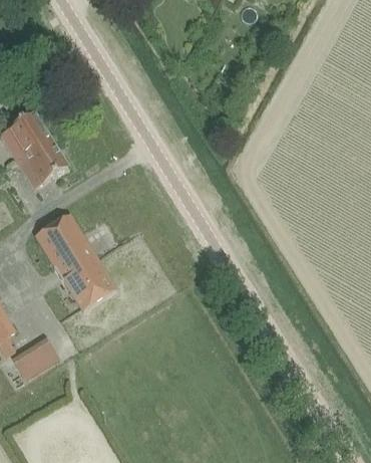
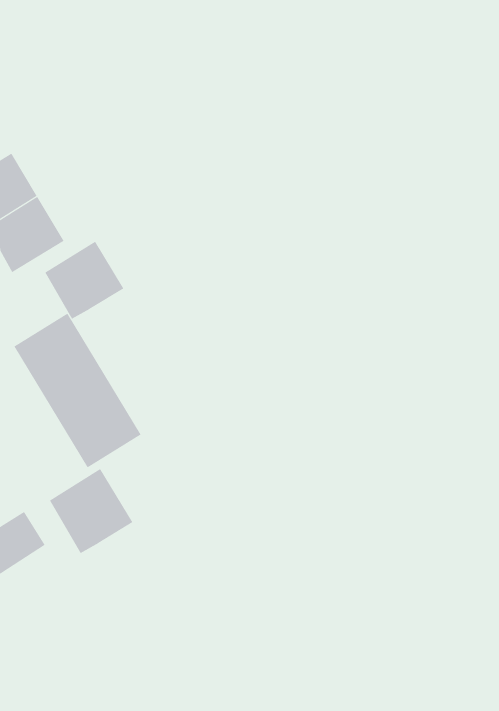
building: none -> [44,241,124,320]
building: none -> [49,468,133,554]

